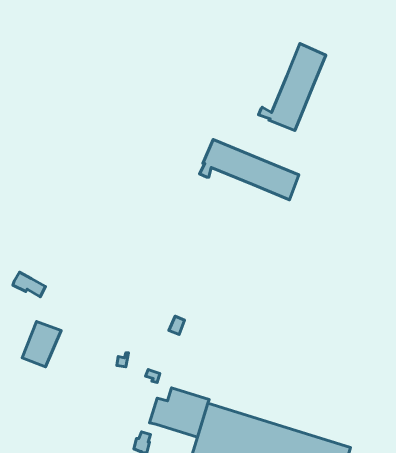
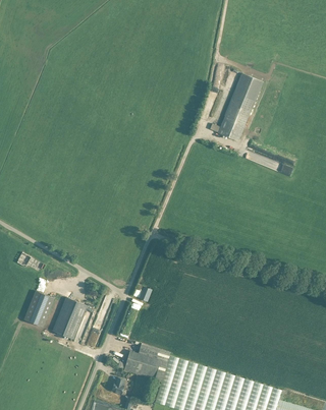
building: [199,139,299,200] -> none
building: none -> [52,297,87,339]

